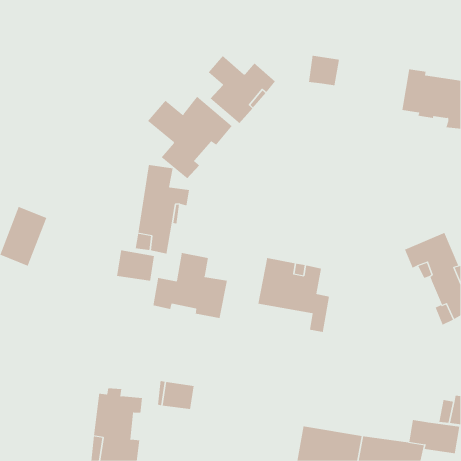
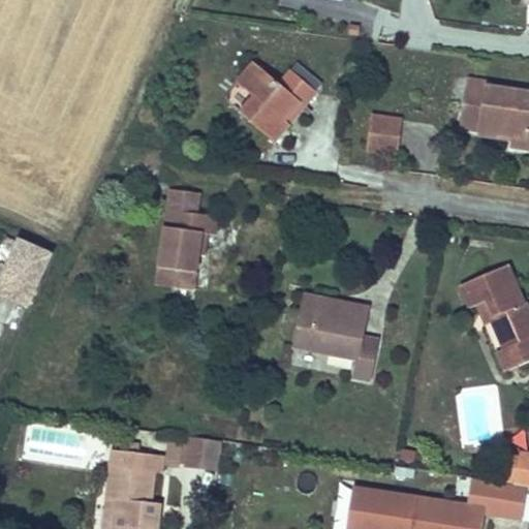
building: [308,55,340,86] -> [367,115,403,150]
building: [147,96,233,179] -> none
building: [116,250,154,282] -> none
building: [153,252,227,319] -> none

